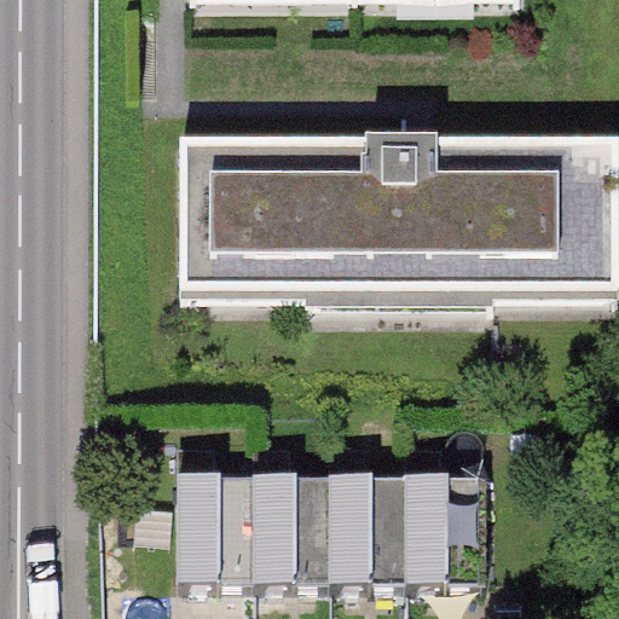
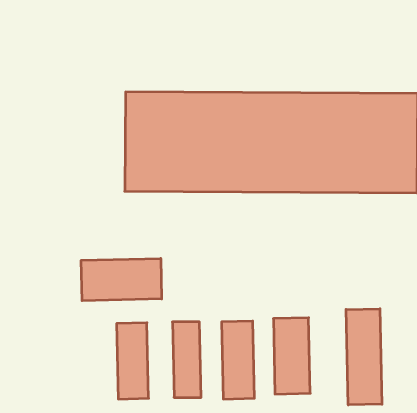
building: none -> [81,258,162,301]
building: none -> [346,309,382,405]

